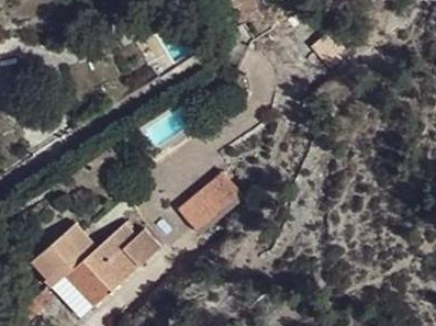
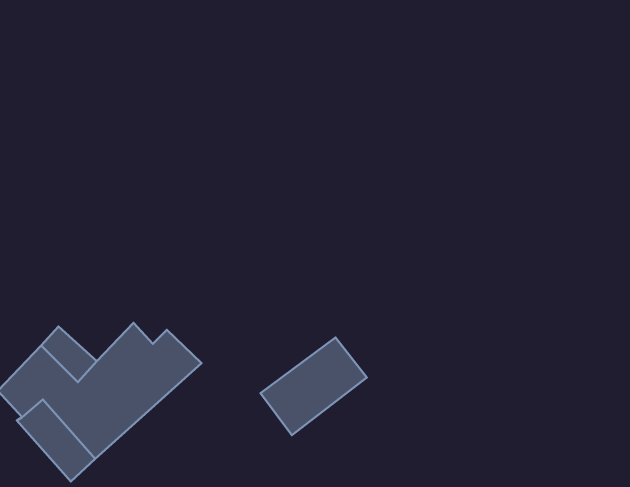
building: [172,164,239,225] -> [260,338,367,435]

